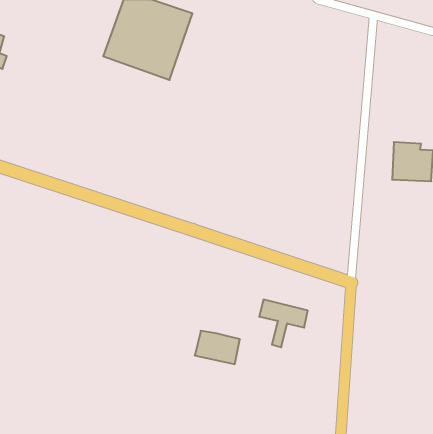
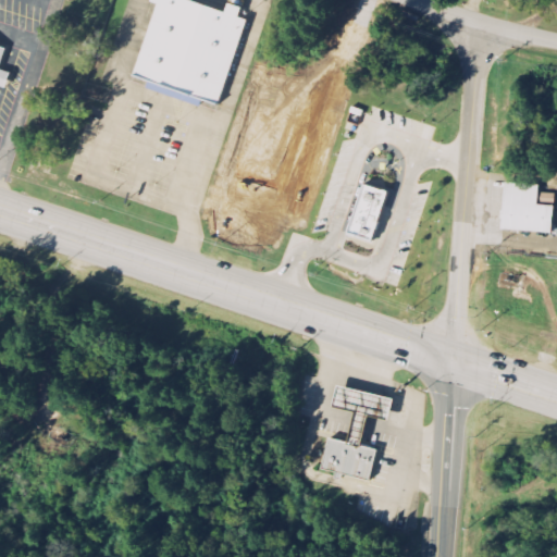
building: none -> [346,184,388,244]
building: [195,331,240,364] -> [319,437,376,480]

